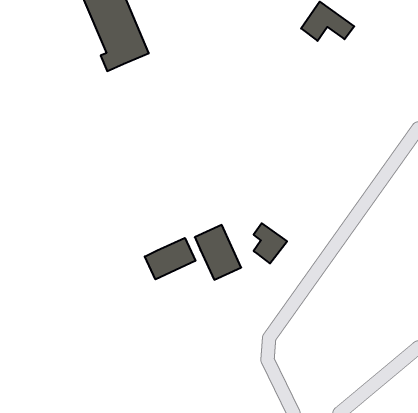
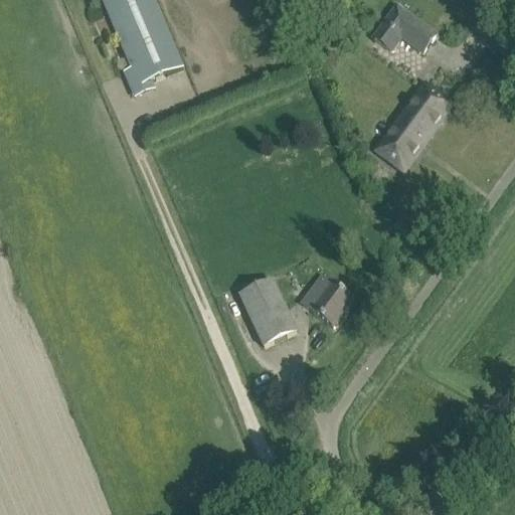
building: none -> [376,81,452,168]
building: [145,238,195,279] -> none

